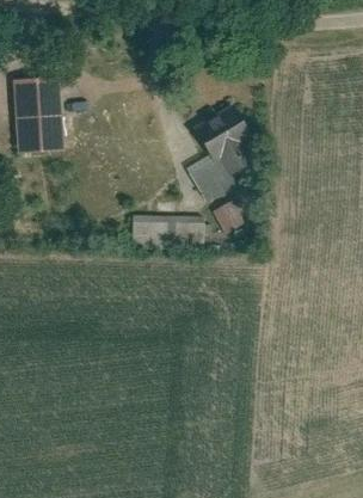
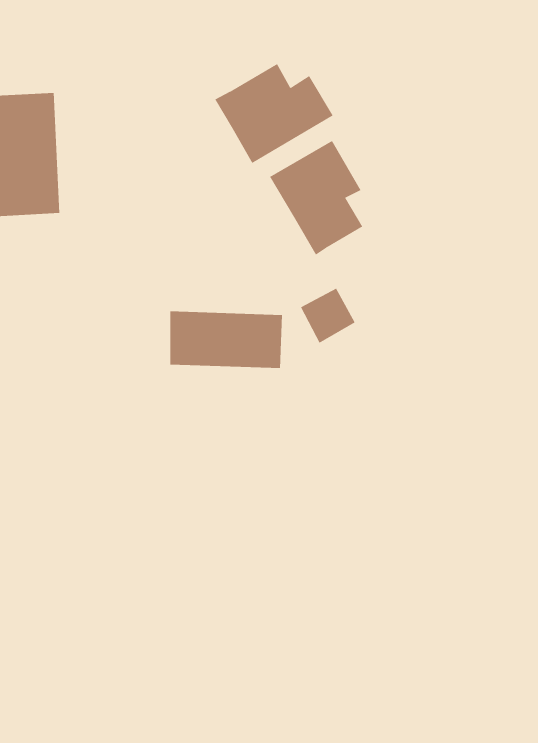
building: none -> [214,63,333,164]
building: [189,158,234,201] -> none

